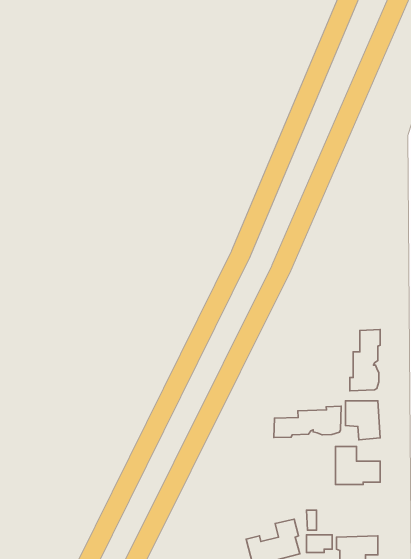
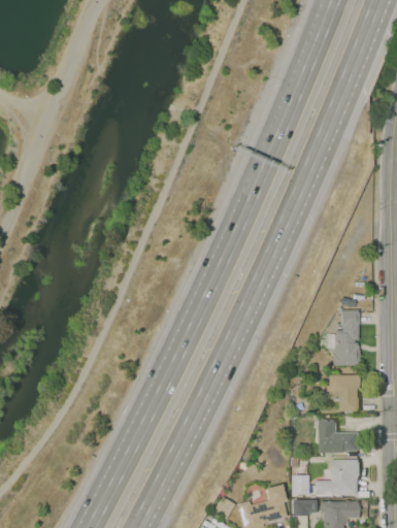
building: [274,406,341,438] -> none
building: none -> [316,461,360,495]

